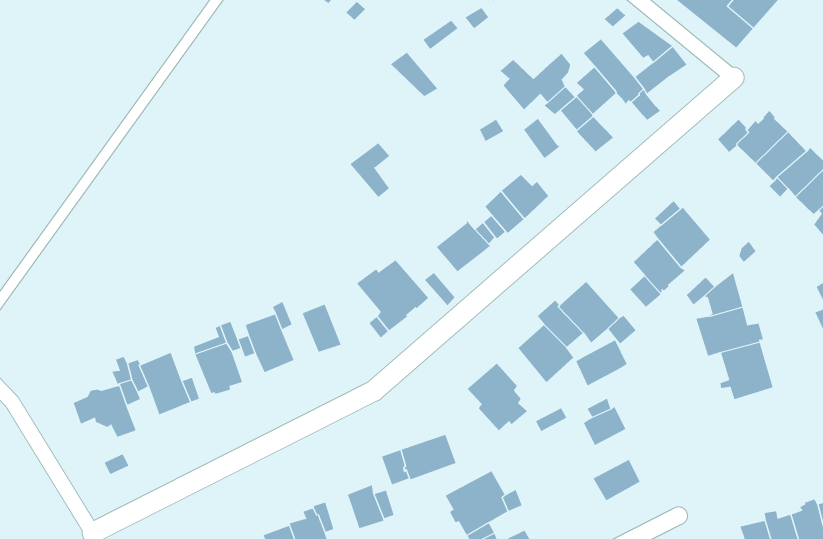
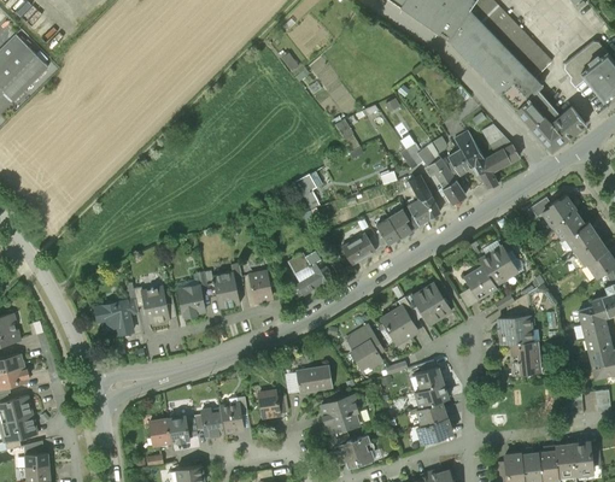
building: none -> [403,196,439,227]
building: [575,339,627,386] -> [415,382,447,408]
building: none -> [417,417,452,443]

